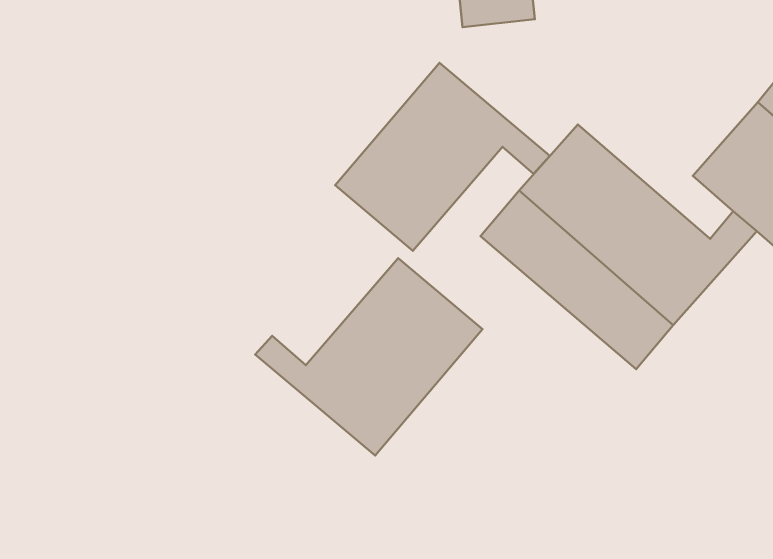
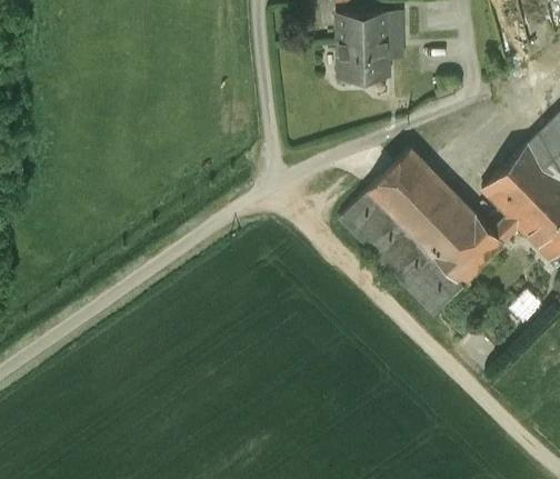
building: [335,63,550,251] -> none
building: [255,258,483,455] -> none

